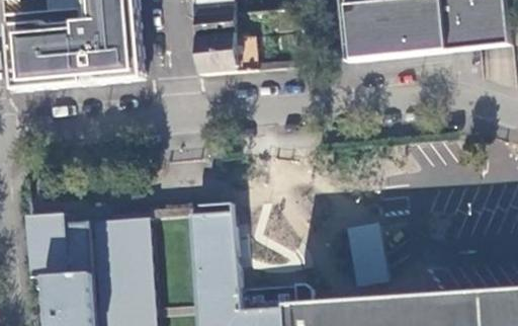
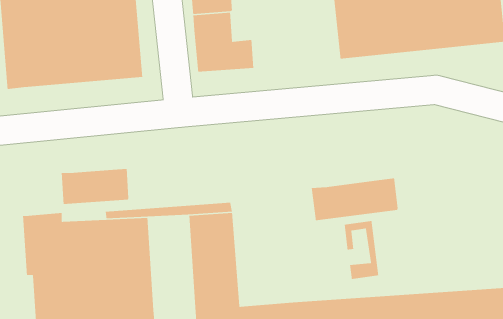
building: none -> [61,168,129,205]
building: none -> [311,178,399,221]

